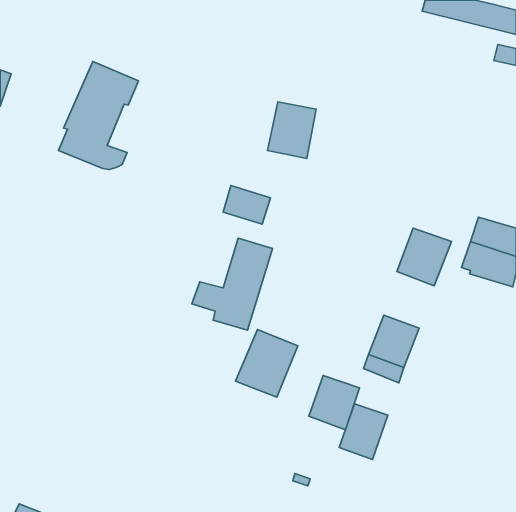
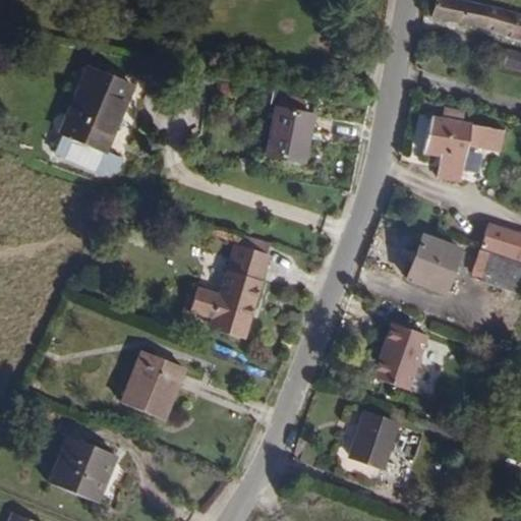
building: none -> [416,116,498,181]
building: [223,185,270,224] -> none
building: [235,330,298,397] -> [126,350,189,418]
building: [309,375,359,430] -> none
building: none -> [54,436,122,504]

